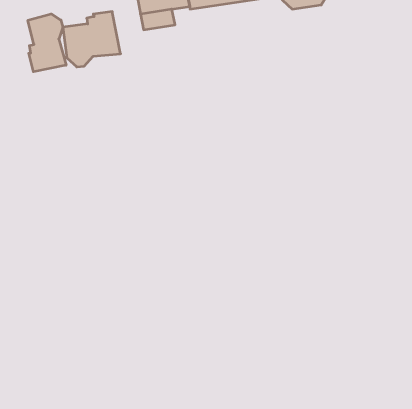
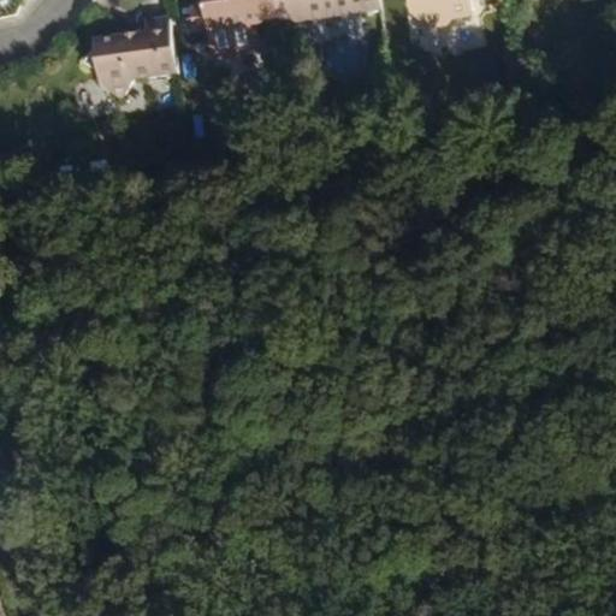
building: [28,14,66,72] -> none

